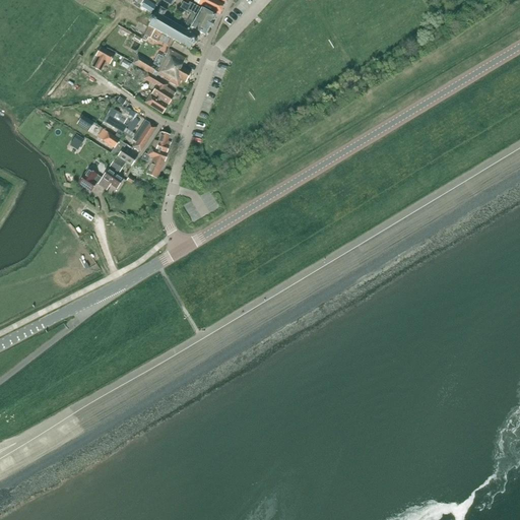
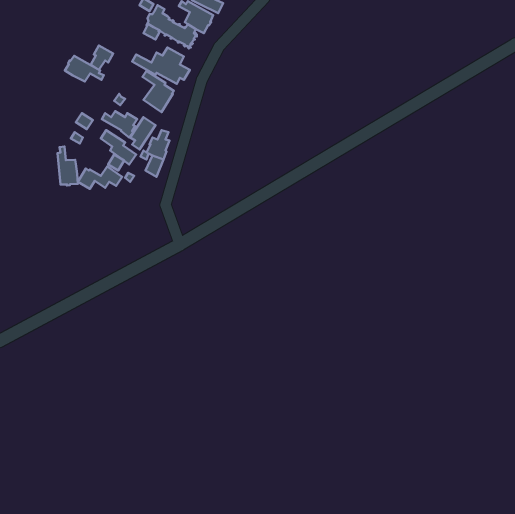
building: none -> [65,56,104,82]
building: none -> [58,147,78,186]

